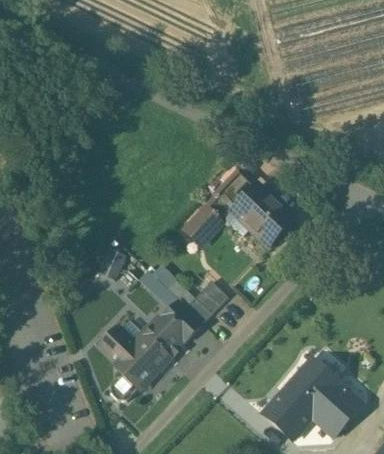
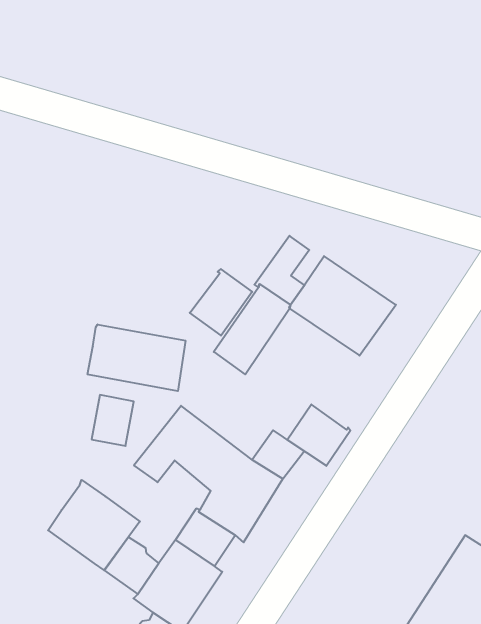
building: none -> [190,269,252,336]
building: none -> [88,324,185,391]
building: none -> [287,404,350,466]
building: none -> [48,480,140,570]

